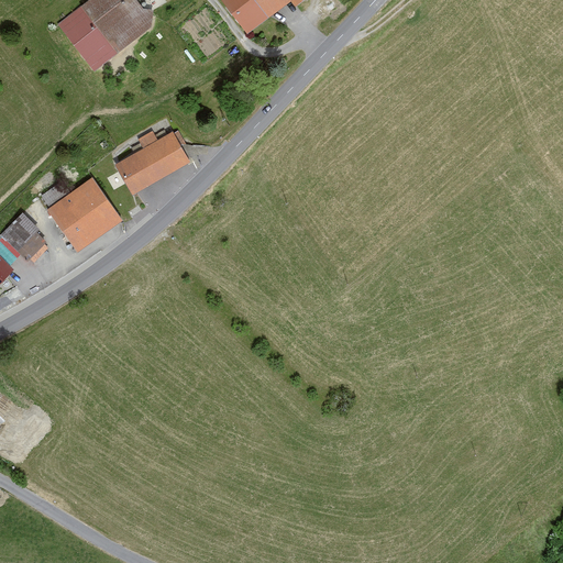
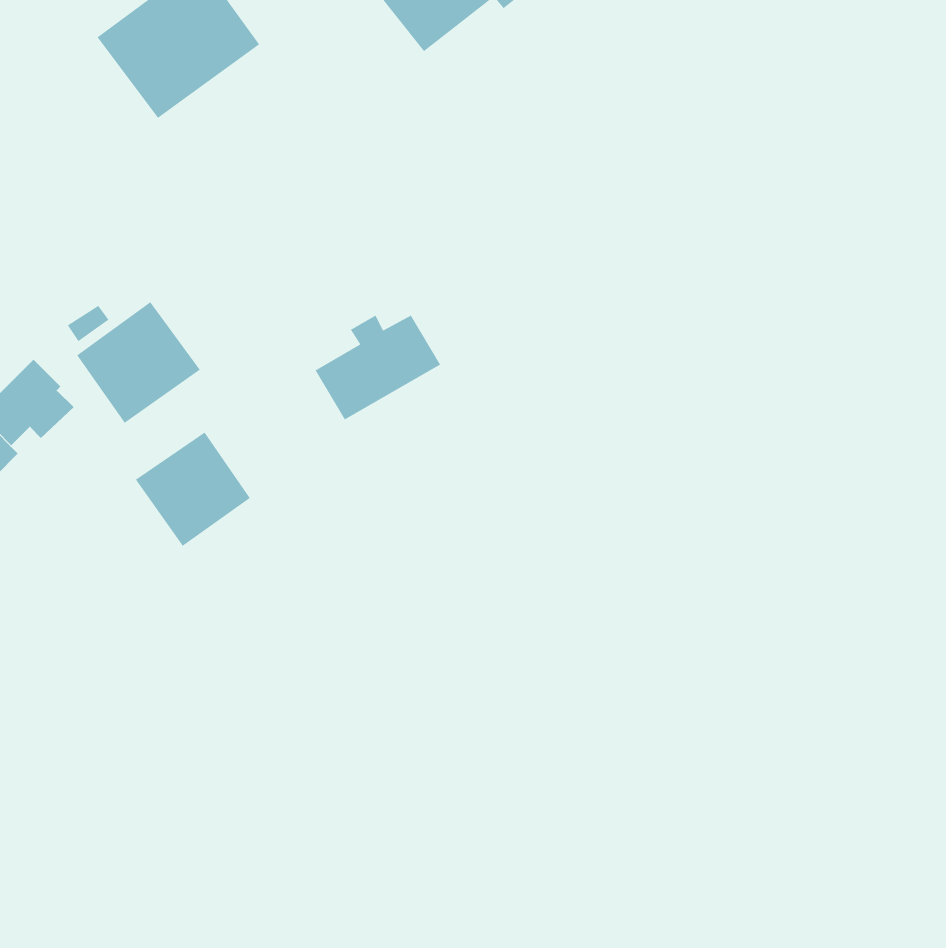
building: [118,130,192,192] -> [315,314,441,420]
building: none -> [135,431,251,547]

